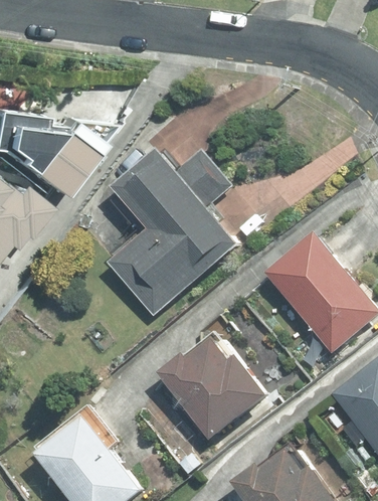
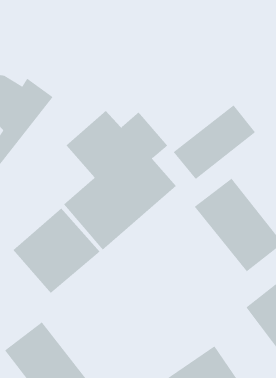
building: none -> [173,105,256,180]
building: none -> [12,207,101,294]
building: [159,326,274,442] -> none

